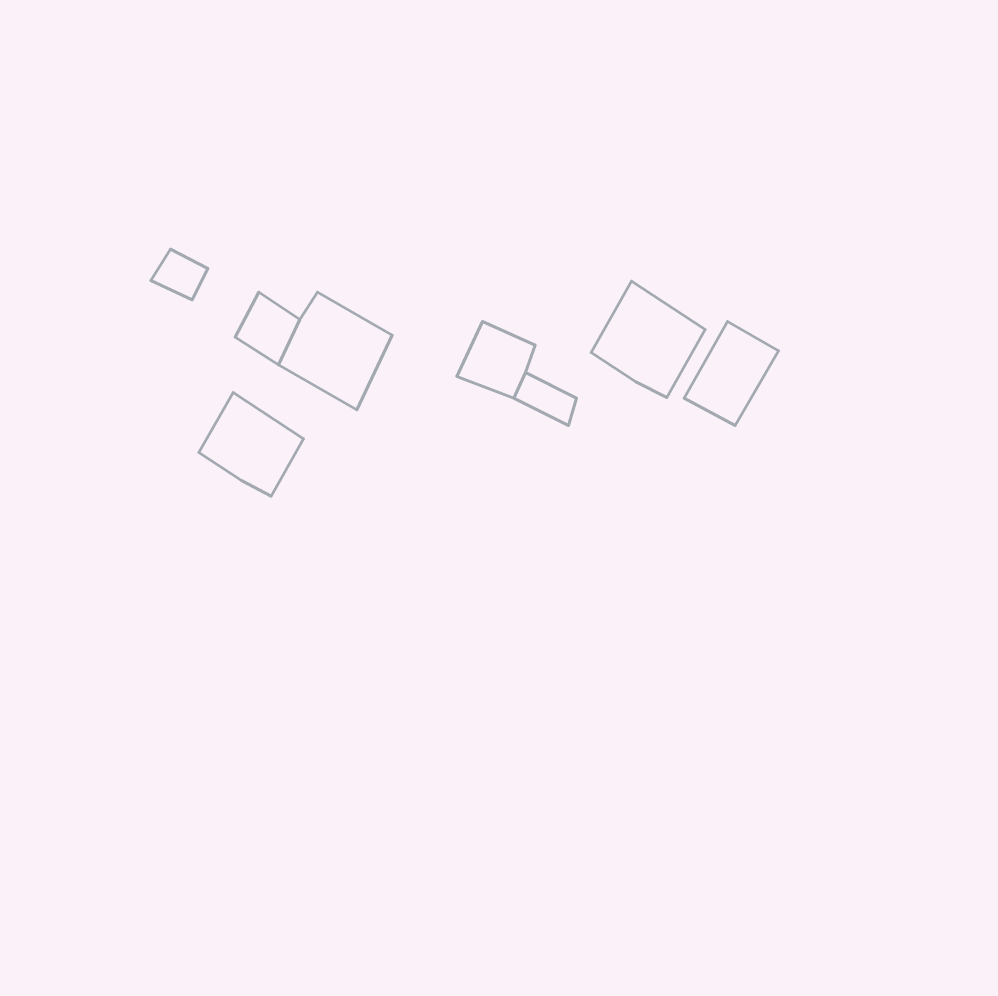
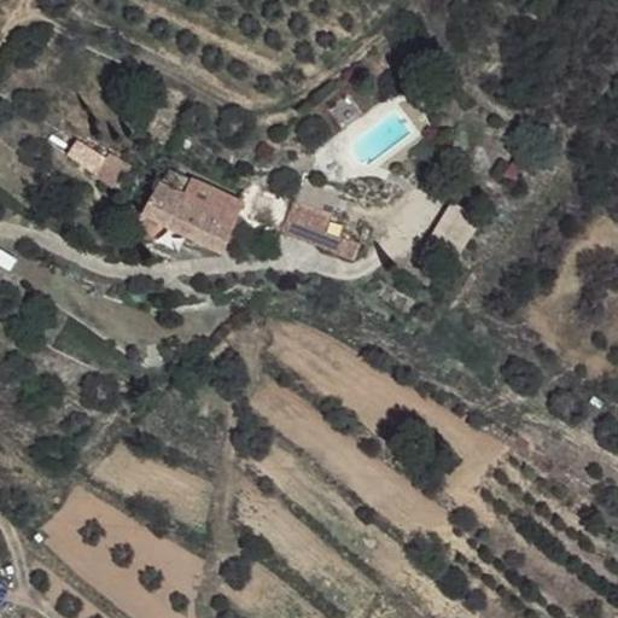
building: [591,281,705,398] -> none
building: [199,393,304,496] -> none

